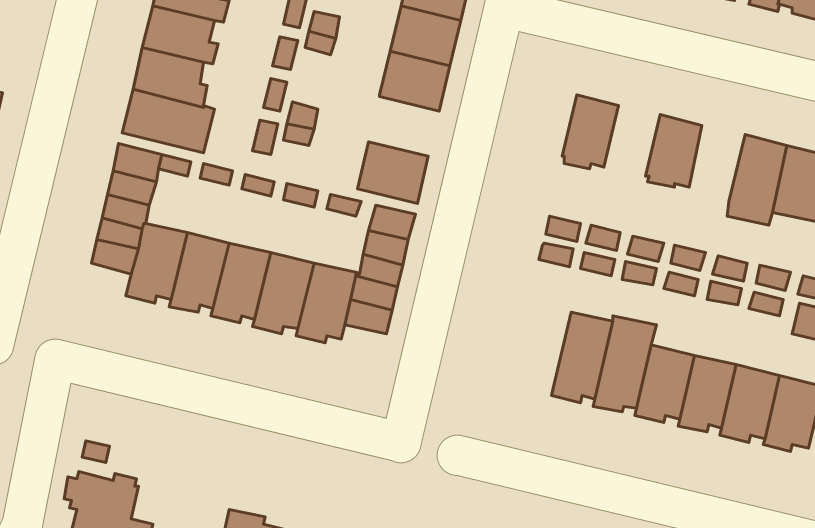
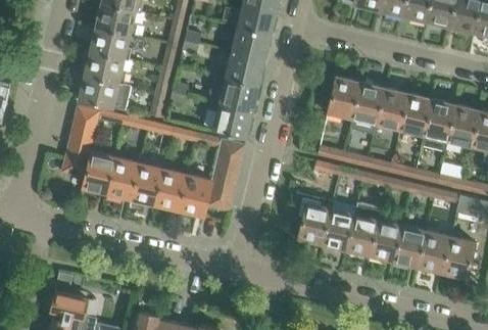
building: none -> [207,74,257,111]
building: none -> [348,83,382,134]
building: none -> [398,94,430,137]
building: none -> [288,192,332,244]

